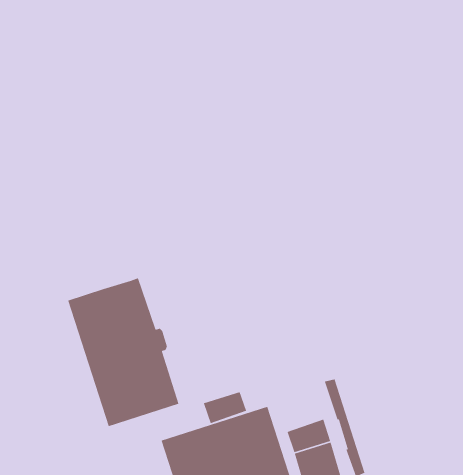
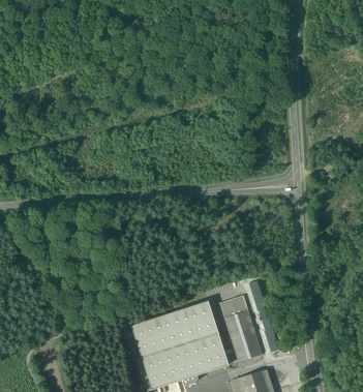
building: [67,277,180,427] -> none
building: [203,391,247,424] -> [216,296,248,320]

